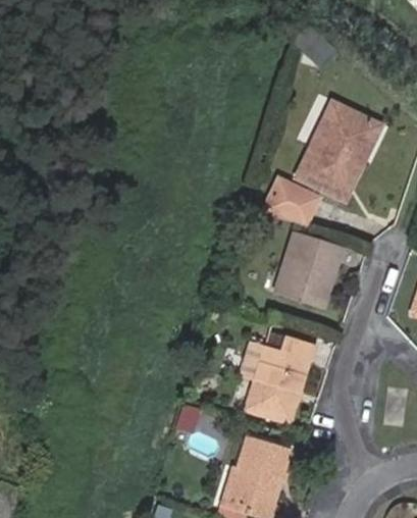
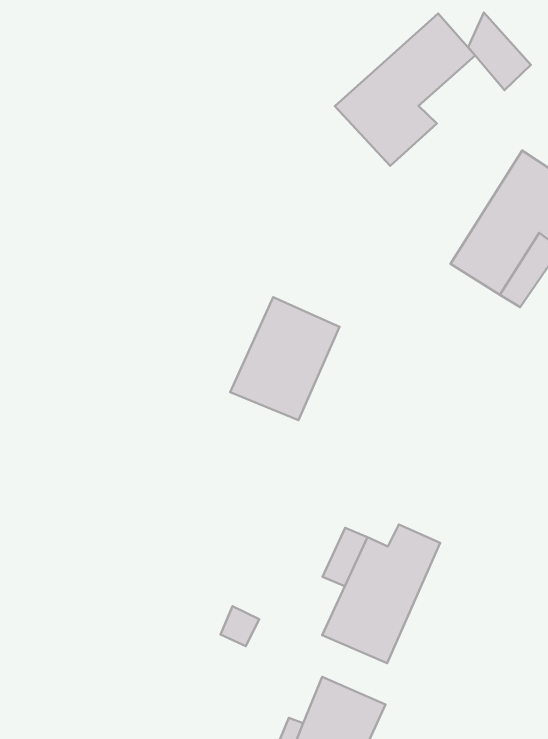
building: none -> [335,13,475,166]
building: [262,177,317,223] -> none
building: [273,236,335,309] -> [230,297,340,420]

